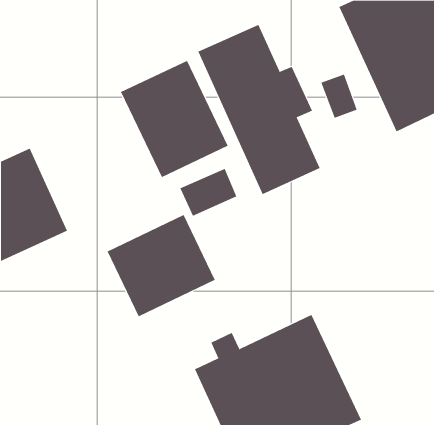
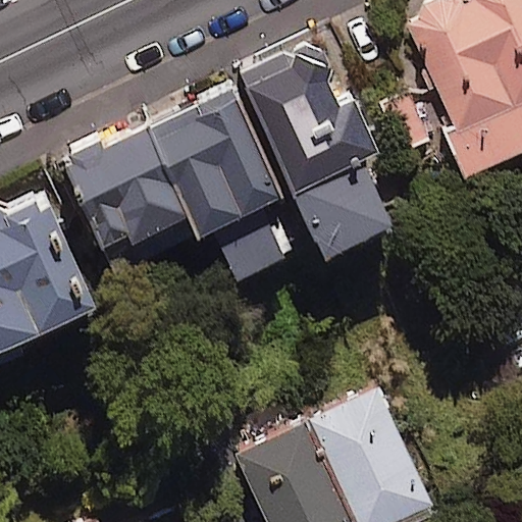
building: none -> [65,125,198,268]
building: [107,214,216,317] -> none

